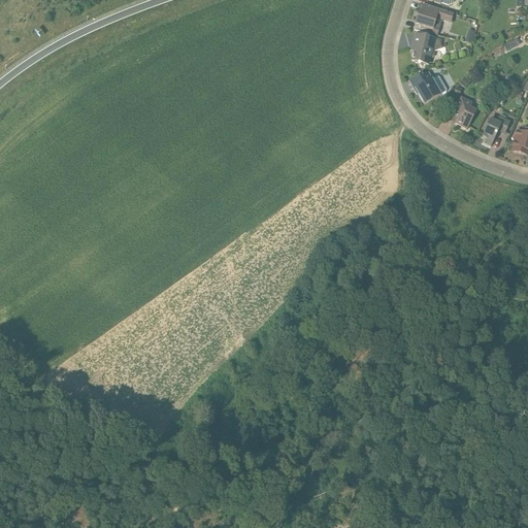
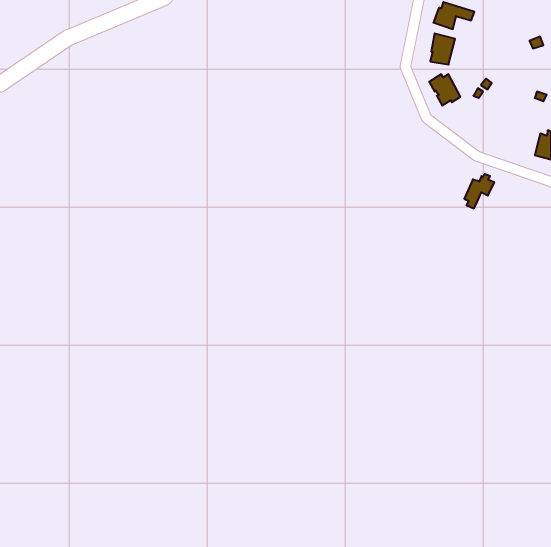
building: [452,94,477,127] -> none
building: [482,111,510,144] -> [464,174,494,208]

